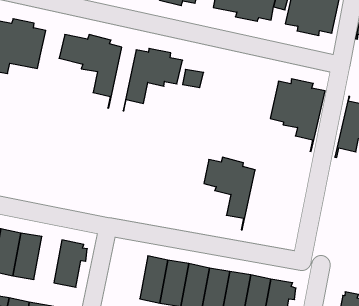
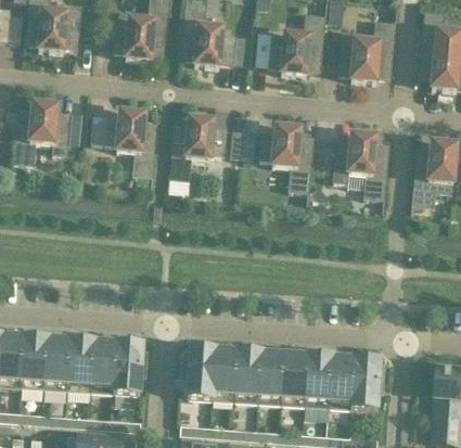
building: [204,157,255,230] -> [259,126,315,204]
building: none -> [91,342,117,392]
building: none -> [183,348,215,398]

